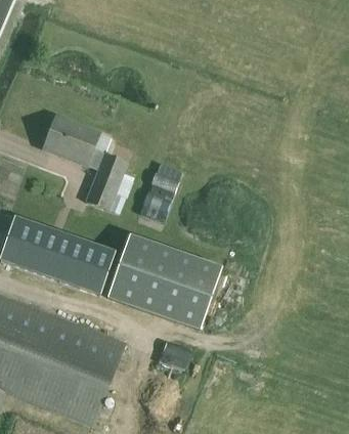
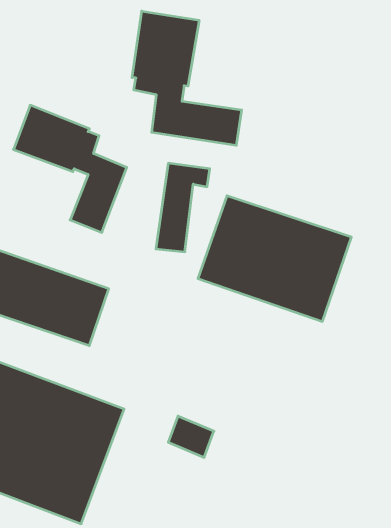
building: none -> [132,11,242,145]
building: [107,235,221,329] -> [198,196,351,321]

